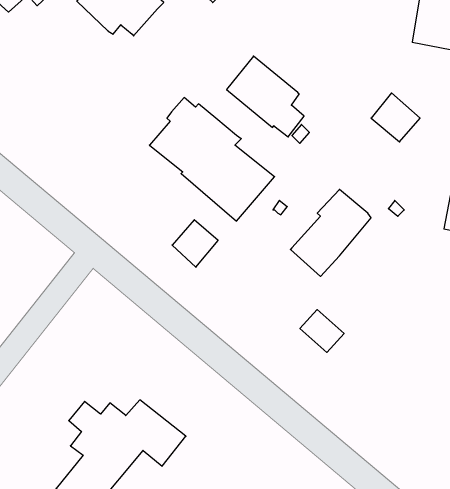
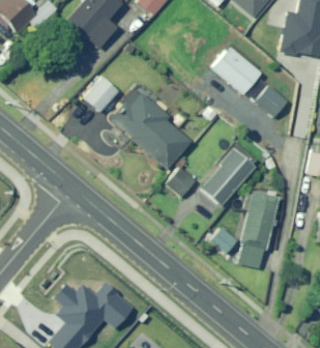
building: [227,56,304,137] -> [212,46,263,98]
building: none -> [84,75,118,110]
building: [172,220,218,267] -> [166,166,196,197]
building: none -> [238,190,280,267]

